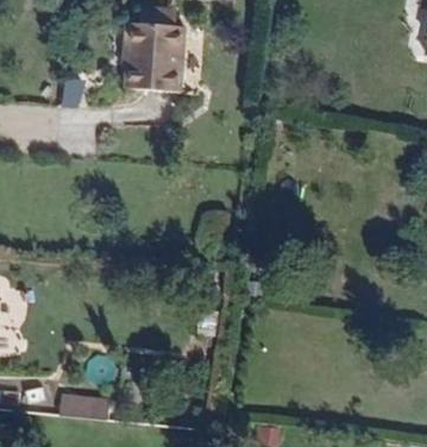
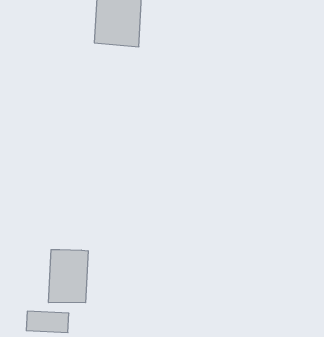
building: none -> [49,250,88,303]

